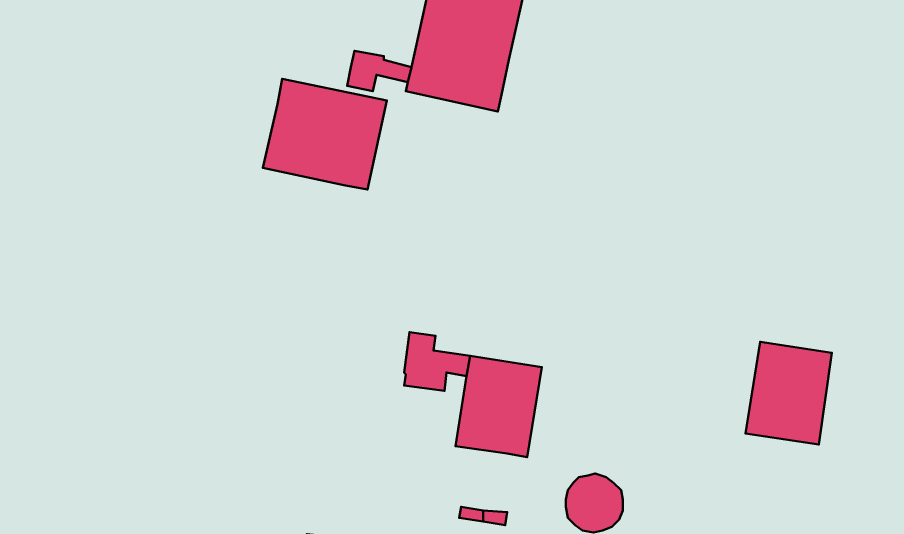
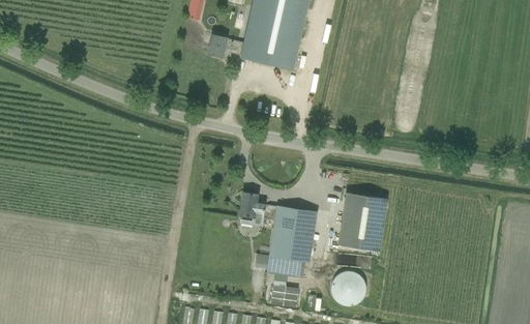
building: [263,79,387,190] -> none
building: [745,342,832,445] -> [338,194,387,252]
building: none -> [267,259,298,279]

